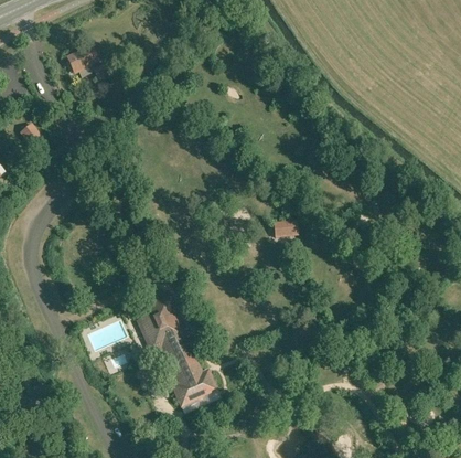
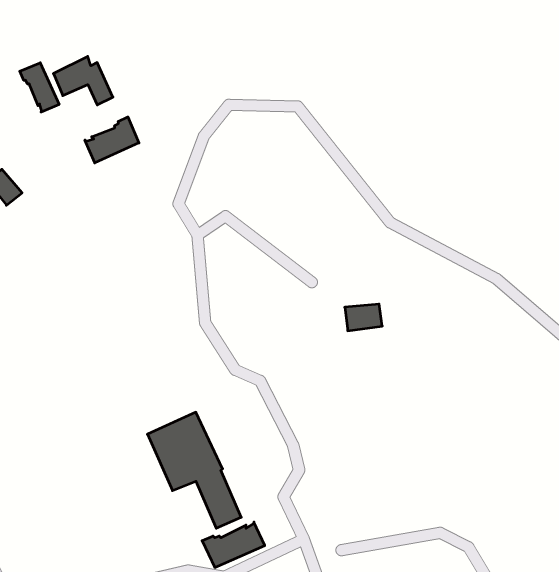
building: none -> [20,63,59,112]
building: none -> [85,117,139,163]

